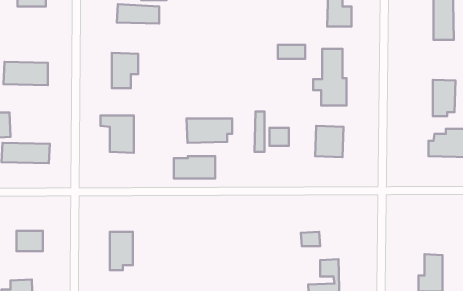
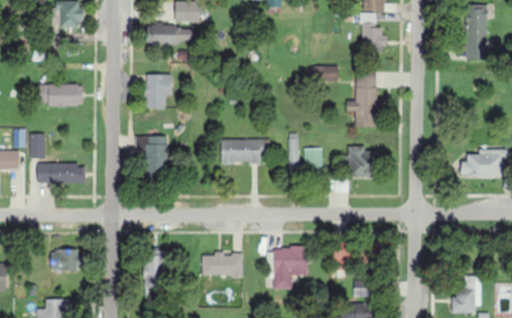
building: [433,80,456,116] -> none
building: [174,156,215,178] -> [202,254,243,276]
building: none -> [272,248,308,290]

